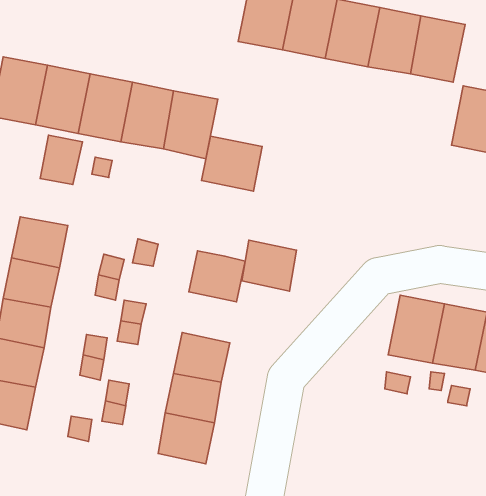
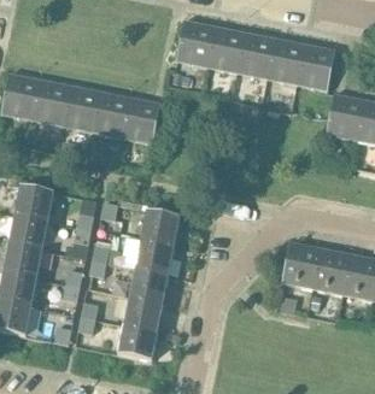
building: [40,135,83,185] -> none
building: [202,136,262,191] -> none
building: [242,240,296,291] -> [135,239,174,275]

